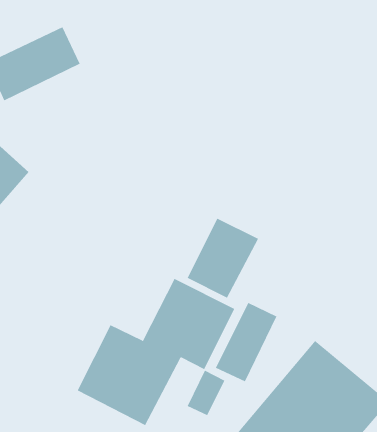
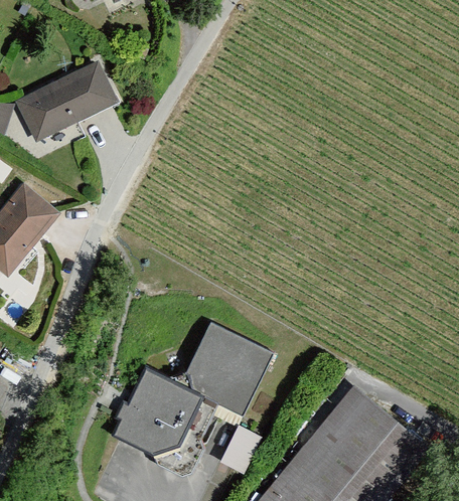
building: [187,218,259,299] -> none
building: [215,302,277,382] -> none

